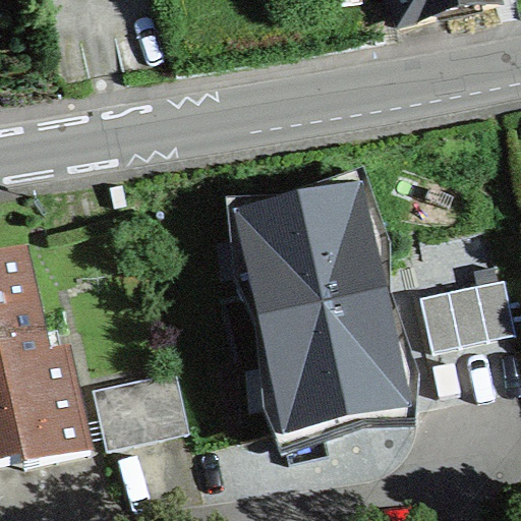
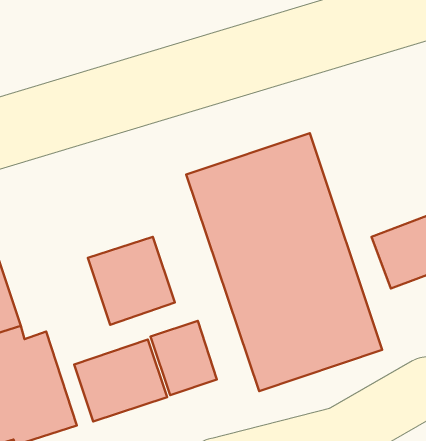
building: none -> [88,237,175,325]
building: none -> [151,321,217,395]

